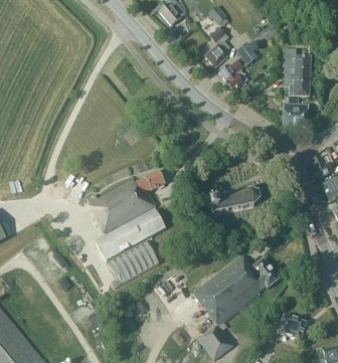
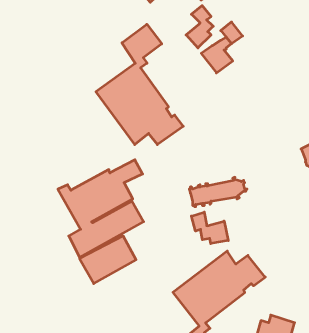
building: none -> [96,24,183,145]
building: [282,48,310,126] -> none
building: none -> [191,212,228,244]

